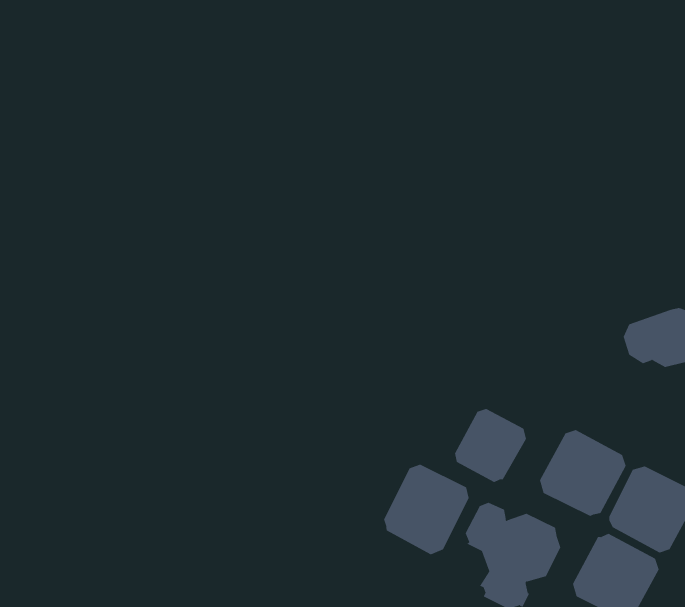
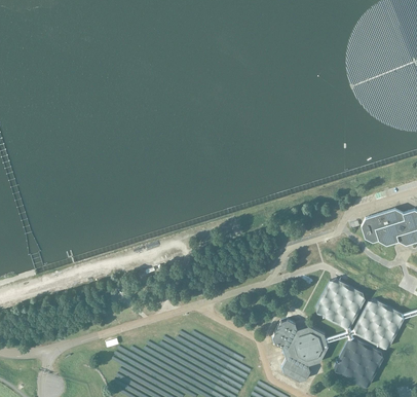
building: [455,408,527,483] -> none
building: [383,464,469,555] -> none

